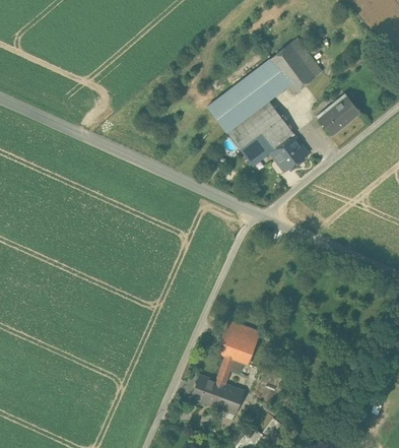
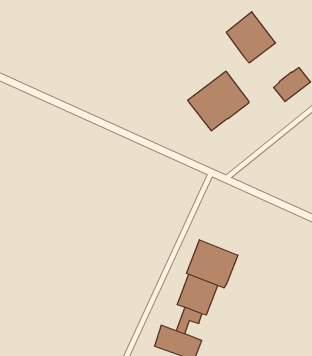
building: [207,60,288,133] -> none
building: [271,135,308,172] -> none
building: none -> [186,240,238,288]

